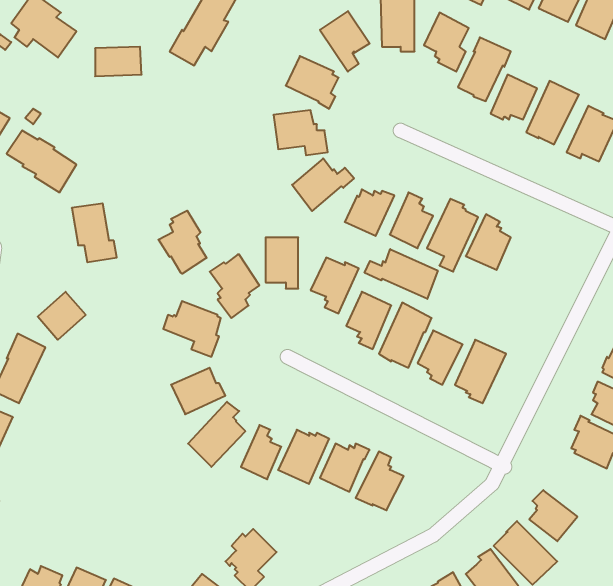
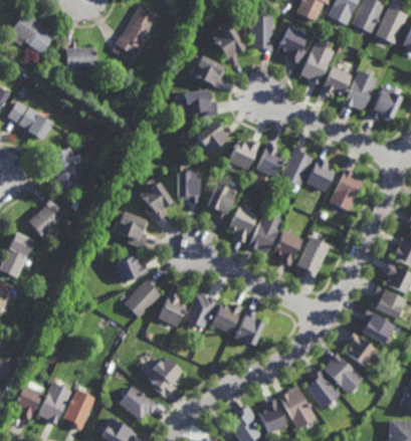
building: [158,211,207,274] -> none
building: none -> [330,168,364,211]
building: [365,249,438,299] -> none
building: none -> [364,309,396,345]

